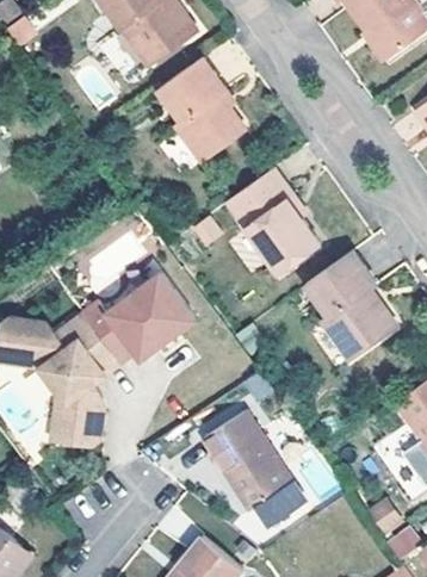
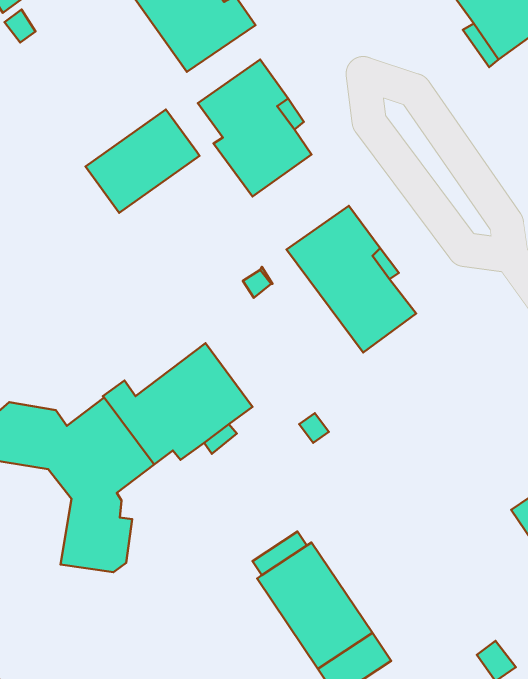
building: none -> [86,109,200,213]
building: [310,250,392,353] -> none

